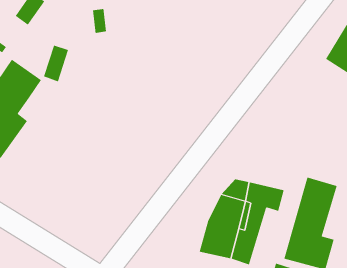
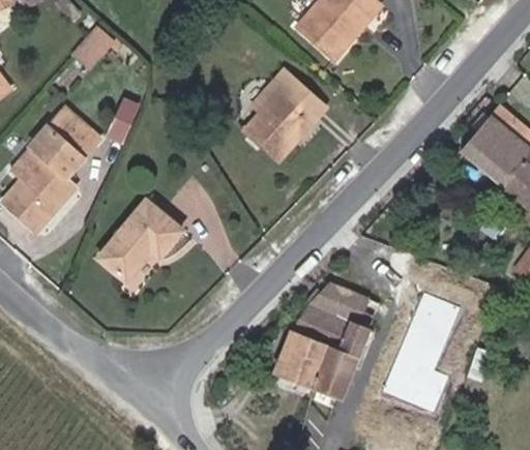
building: none -> [246,69,326,160]
building: none -> [100,200,184,280]

